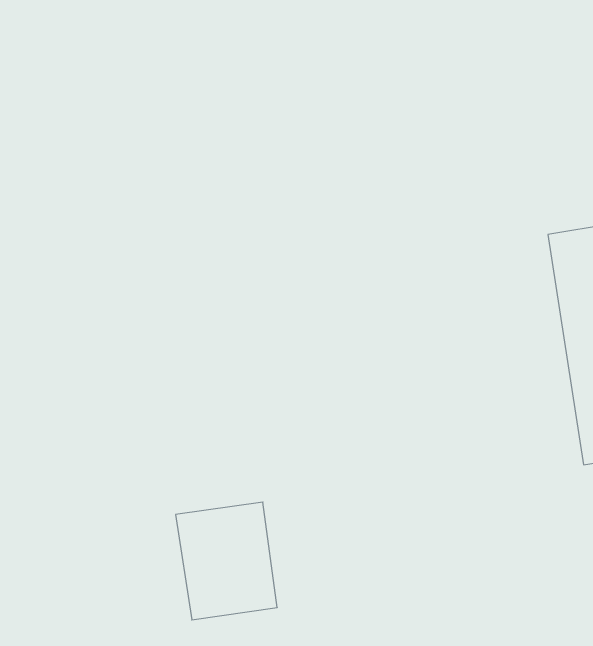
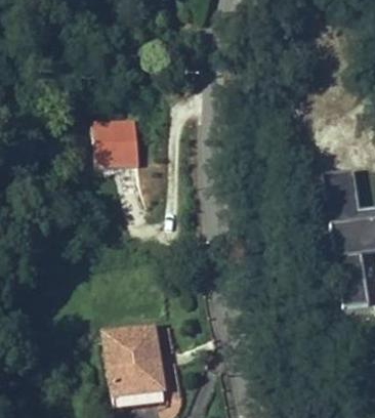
building: none -> [86,121,139,175]

